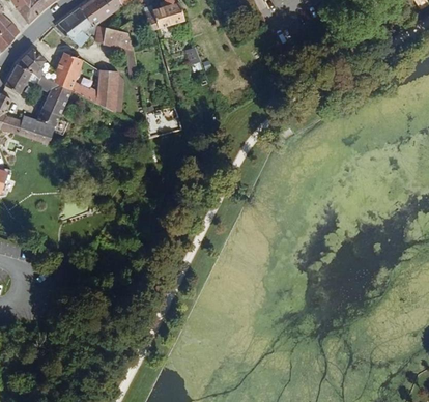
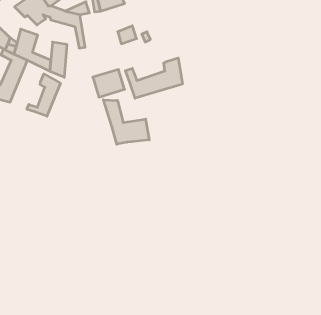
building: none -> [125,58,182,98]
building: none -> [27,74,60,116]
building: none -> [103,100,149,144]

